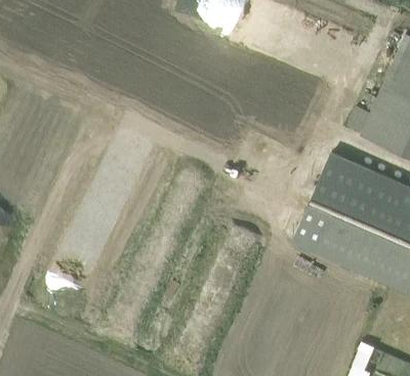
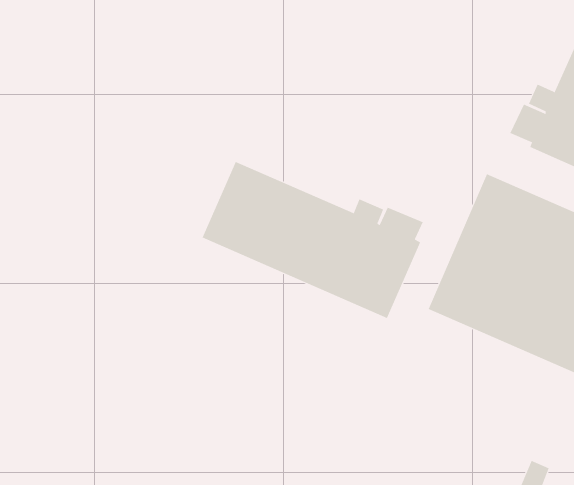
building: none -> [202,161,424,319]

